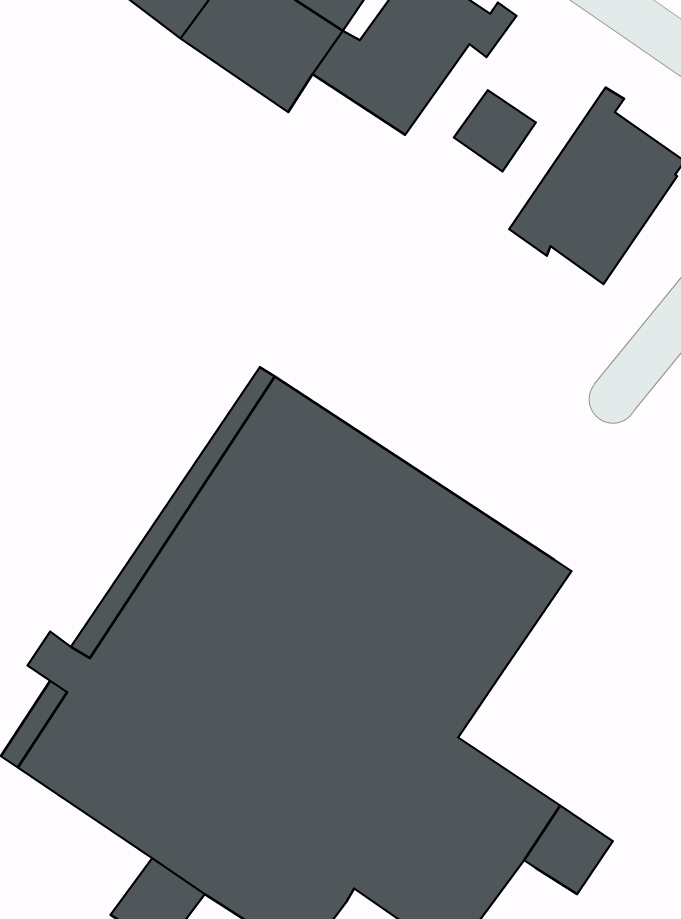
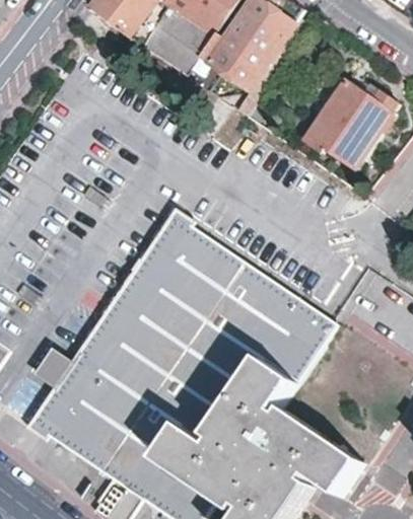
building: [454,90,536,172] -> none

